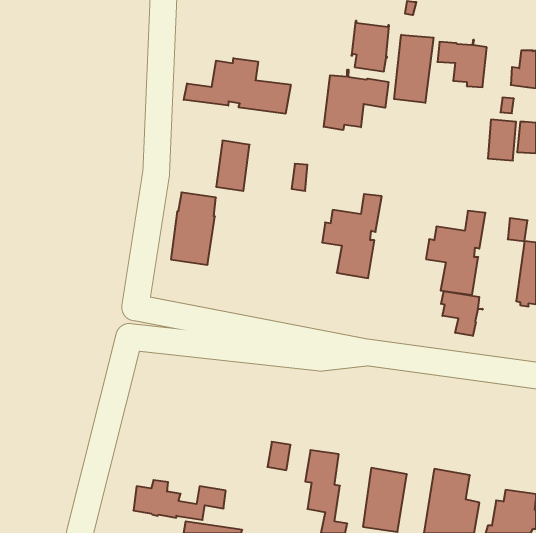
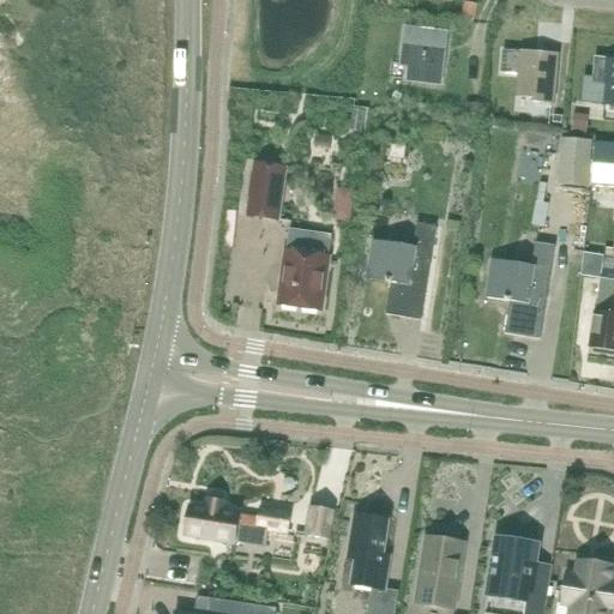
building: [394,35,434,103] -> none
building: [184,58,291,114] -> none
building: [324,70,388,130] -> none
building: [171,192,216,265] -> [278,227,330,309]
building: [441,291,483,336] -> none
building: [133,480,226,520] -> [185,499,290,544]

